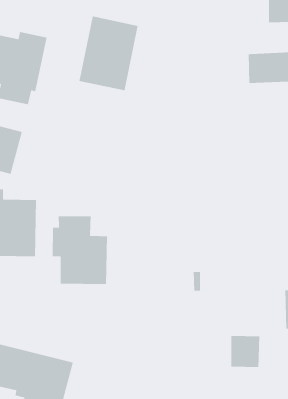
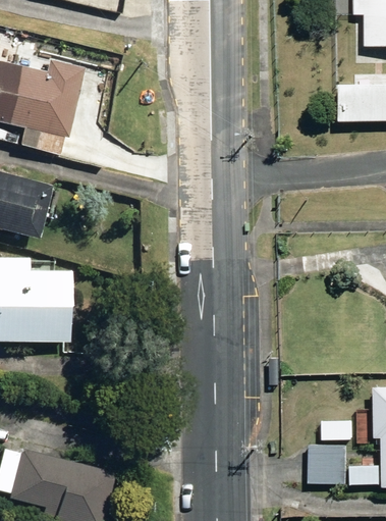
building: [79,15,139,91] -> none
building: [52,215,108,285] -> none

